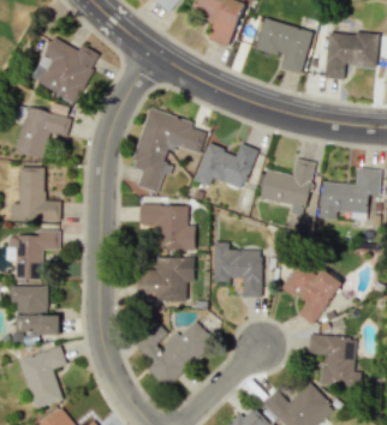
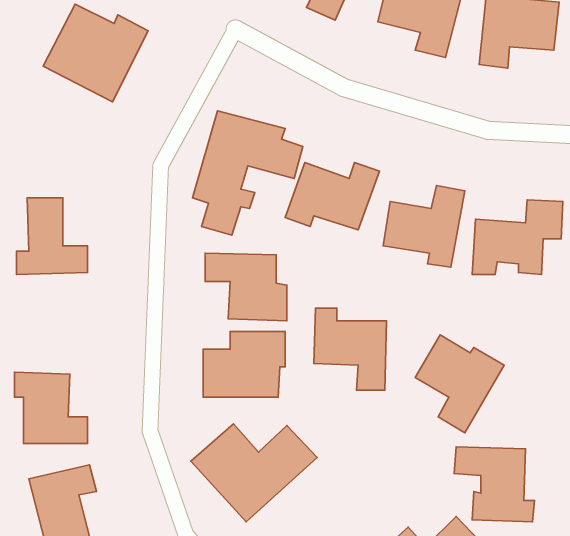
building: [16,102,71,157] -> none
building: [6,229,59,279] -> none

